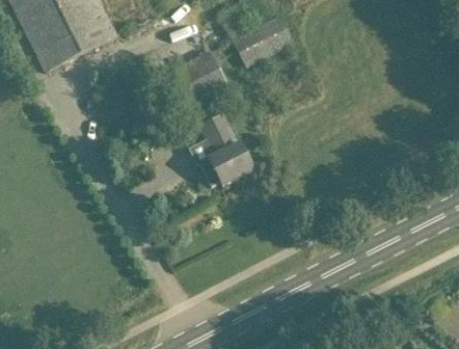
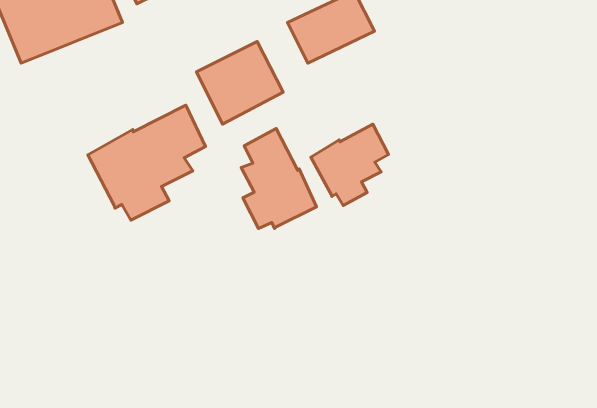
building: none -> [88,105,206,220]
building: none -> [311,124,388,205]

